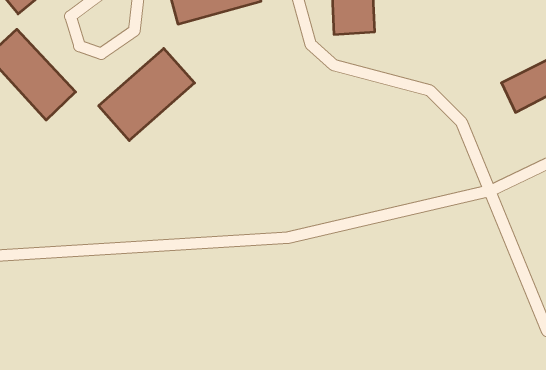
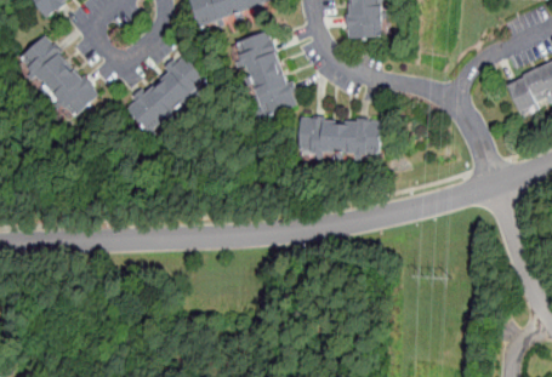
building: none -> [232,28,301,120]
building: none -> [298,116,381,155]

